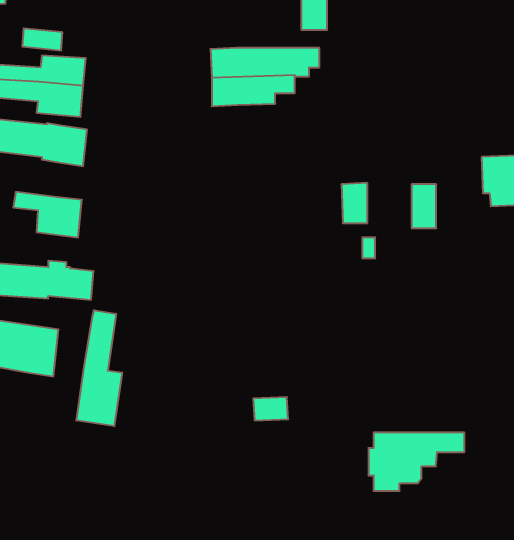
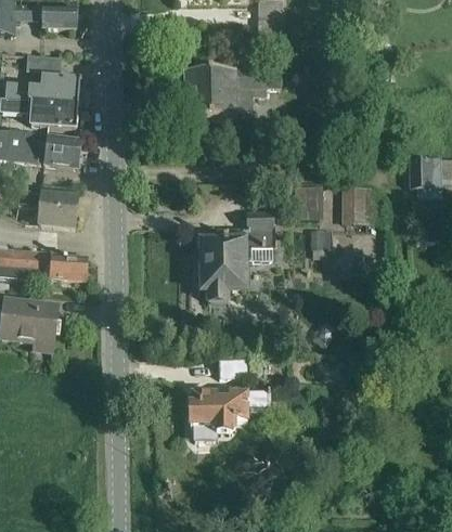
building: none -> [199,212,273,301]
building: [76,310,122,426] -> none
building: [368,433,464,491] -> [189,391,269,440]

